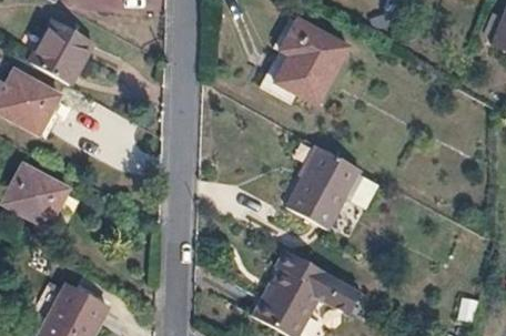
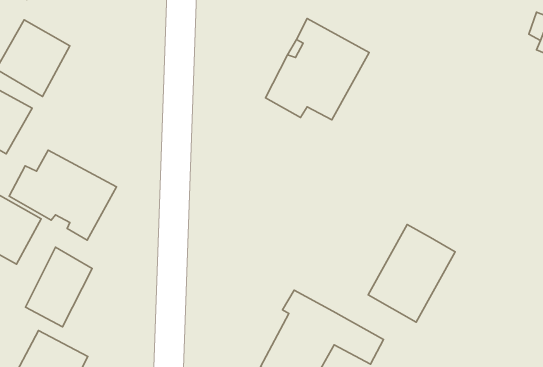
building: none -> [9,150,116,240]
building: [286,145,361,228] -> [368,225,455,322]
building: none -> [25,247,92,327]

